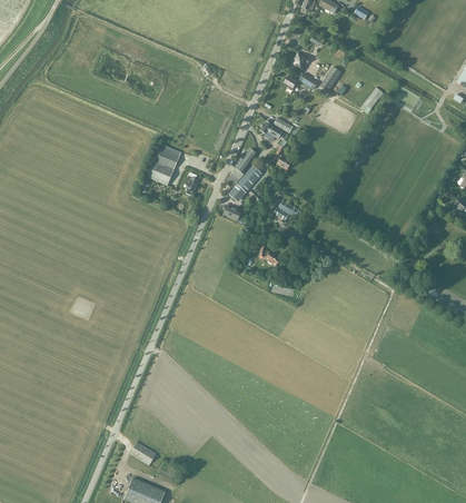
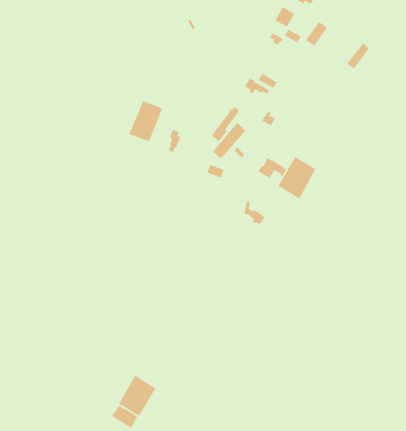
building: none -> [278,156,316,199]
building: none -> [118,374,156,417]

